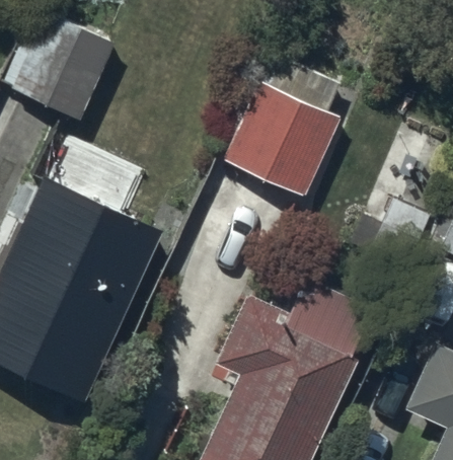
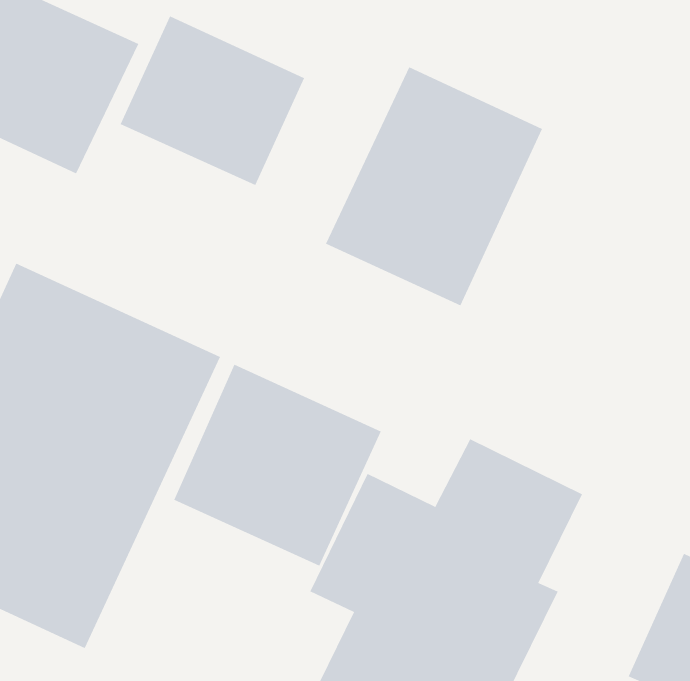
building: none -> [120,15,305,186]
building: none -> [173,364,382,566]

